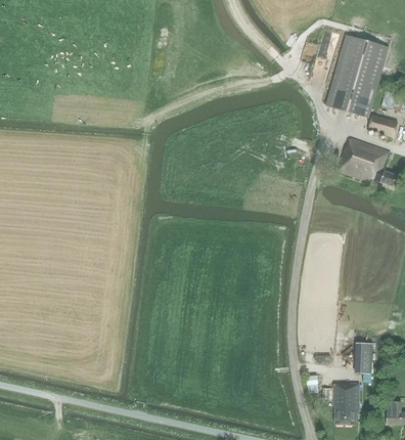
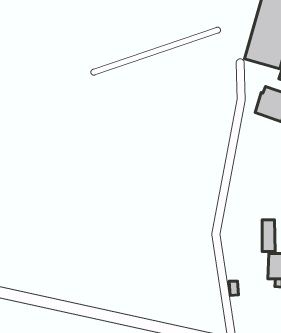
building: none -> [262,220,275,252]
building: [332,383,359,424] -> none

